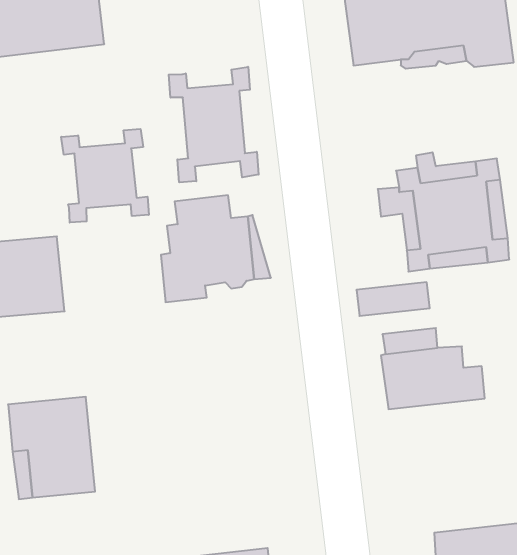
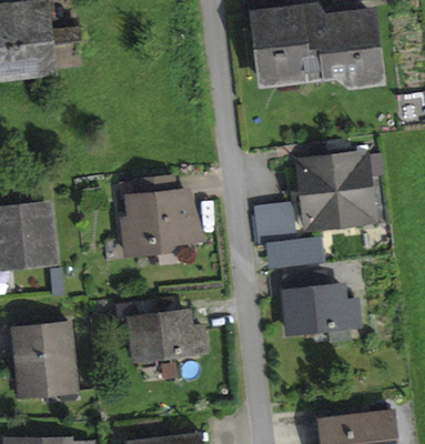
building: [169,67,259,182] -> none
building: [61,129,149,223] -> none
building: none -> [255,206,294,246]
building: none -> [130,300,205,359]

